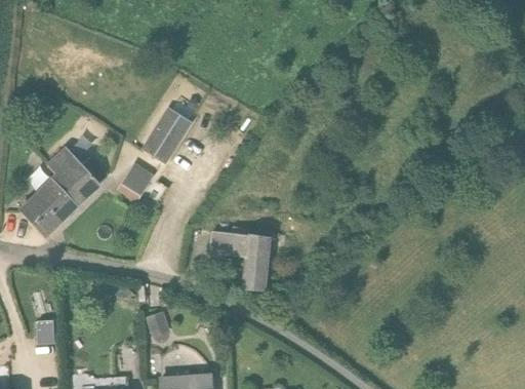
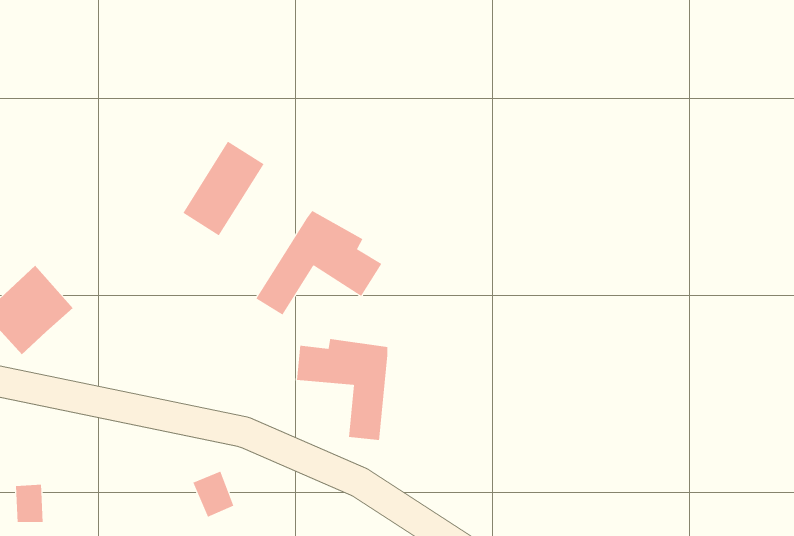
building: [45,147,109,209] -> none
building: none -> [256,210,382,315]
building: [118,165,153,203] -> none

